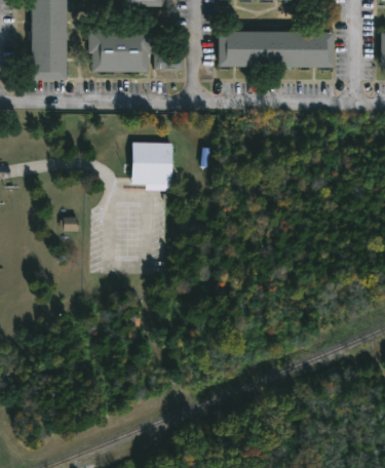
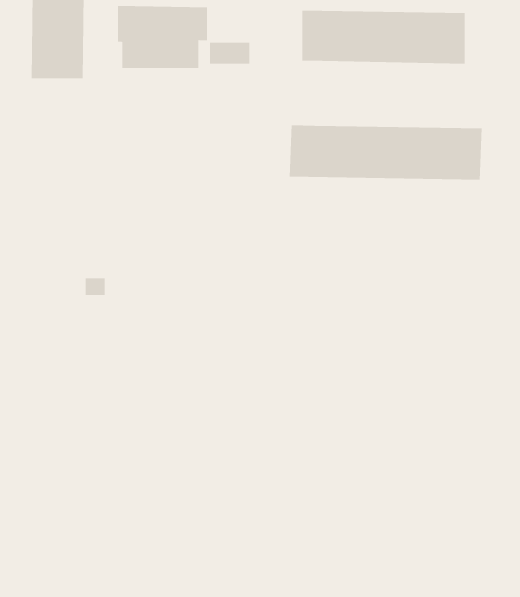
building: none -> [289,124,482,180]
building: [133,141,175,184] -> none

